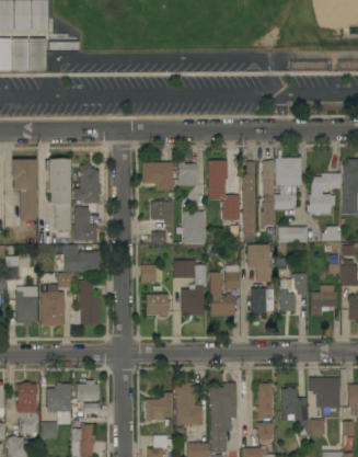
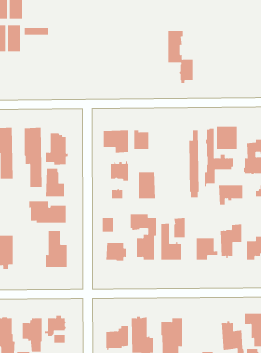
building: [209,161,240,224] -> [168,30,194,83]
building: [246,244,274,283] -> none
building: [42,273,73,327] -> none
building: [256,384,274,416] -> none

